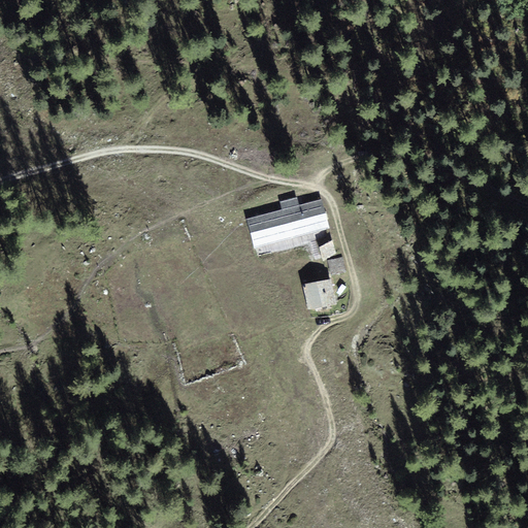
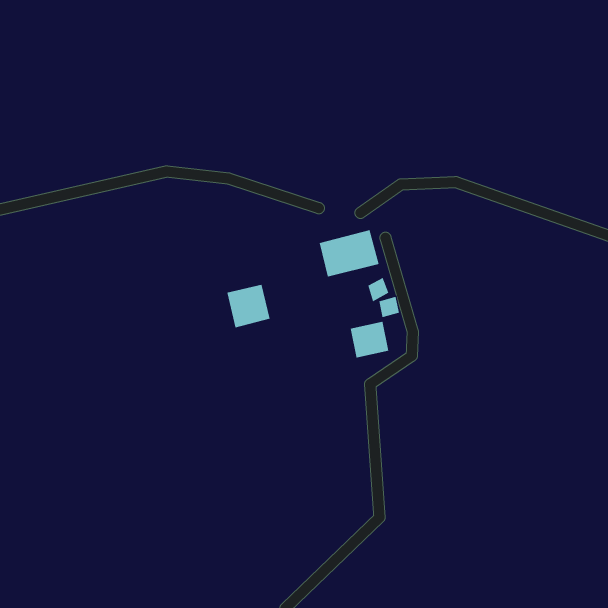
building: [245,210,284,249] -> [227,284,271,328]

